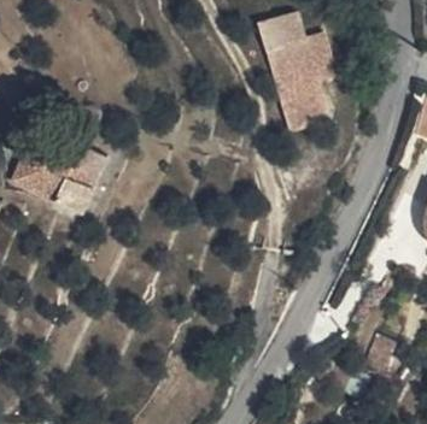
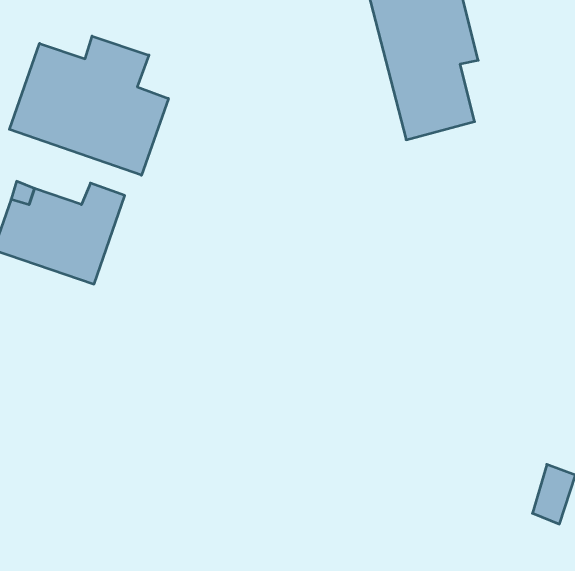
building: none -> [9,36,168,175]

